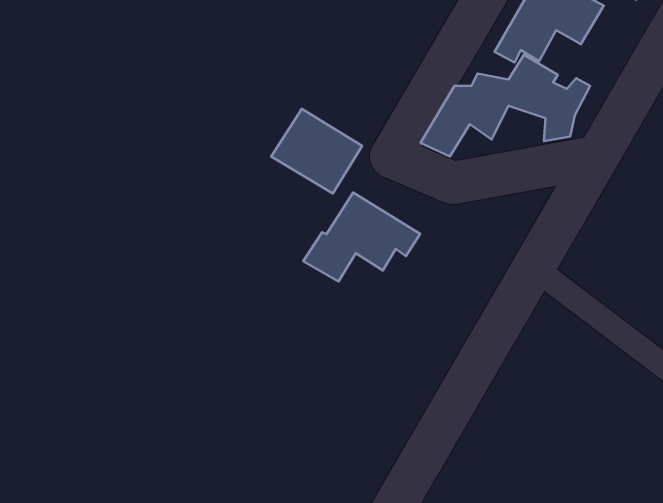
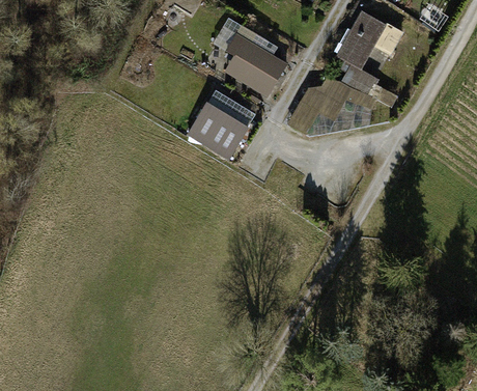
building: none -> [223,33,287,97]
building: [303,193,420,281] -> none

